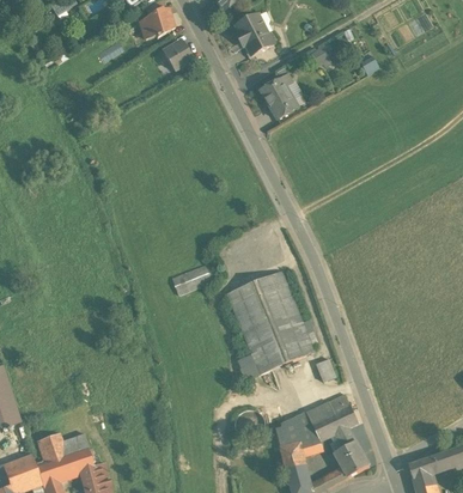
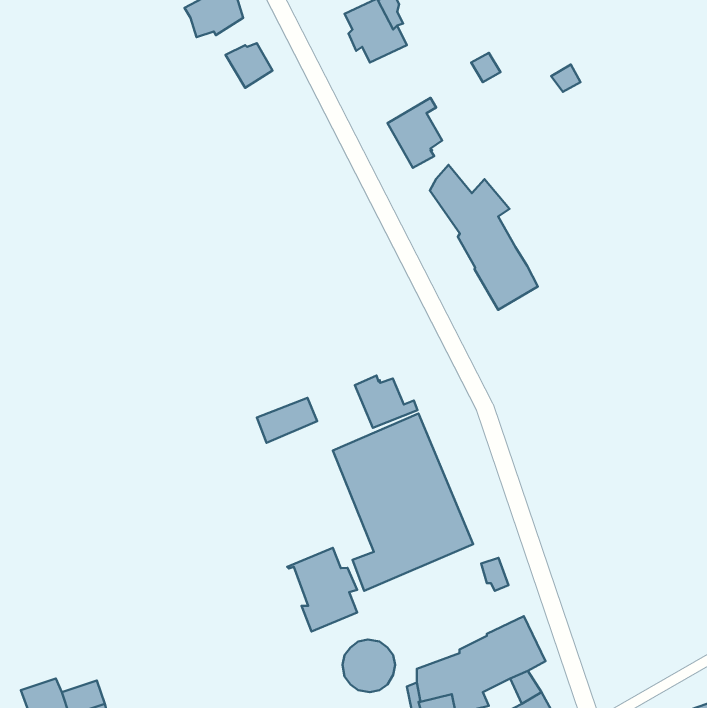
building: none -> [430,165,538,310]
building: none -> [355,376,418,428]
building: none -> [287,548,357,631]

